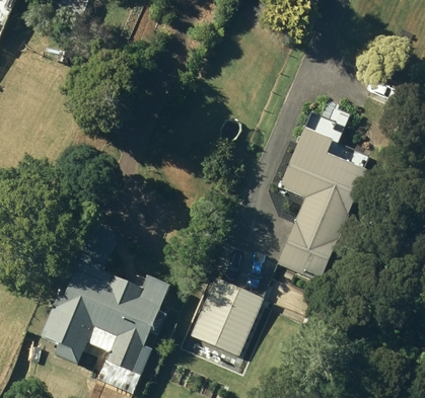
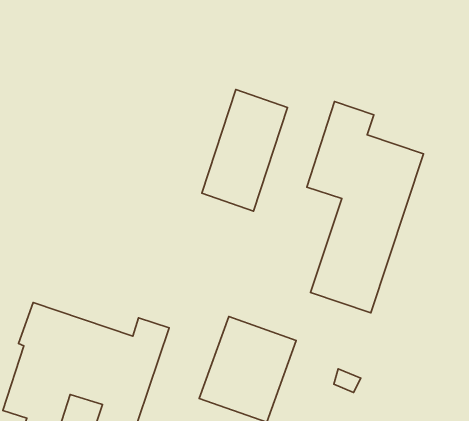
building: none -> [202,90,288,211]

